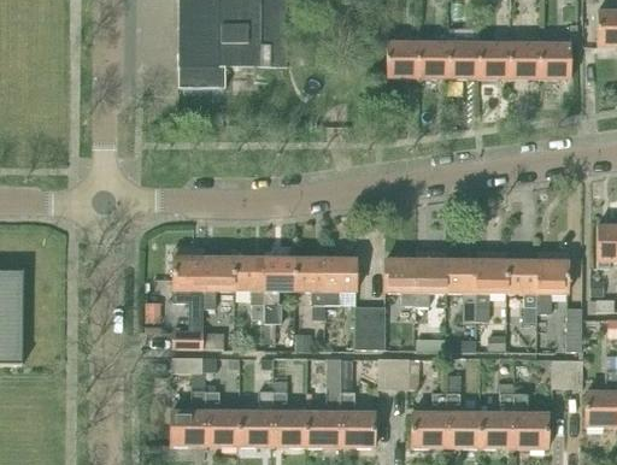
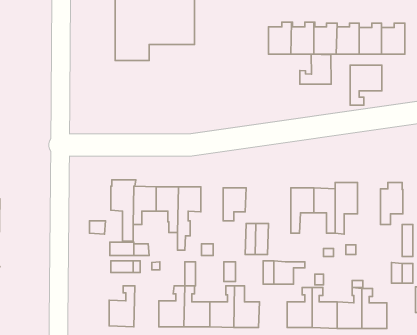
building: none -> [300,54,331,84]
building: none -> [350,65,382,105]
building: [295,257,325,318] -> none
building: [386,258,417,319] -> none
building: [507,259,539,320] -> none
building: [205,390,239,446] -> none

